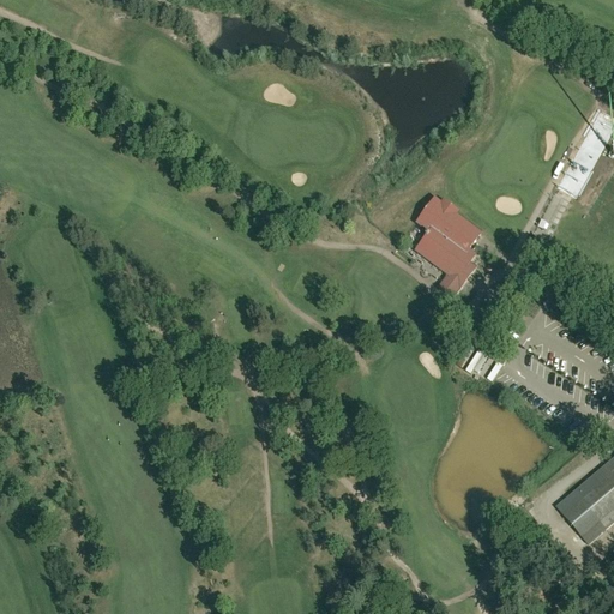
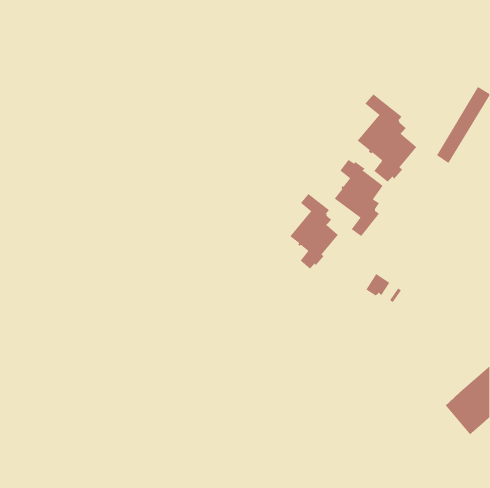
building: none -> [357,93,417,183]
building: none -> [289,193,338,269]

